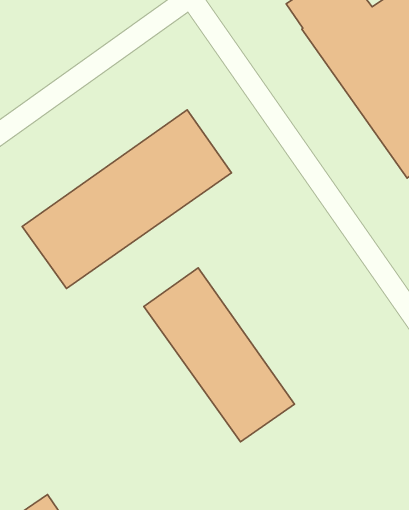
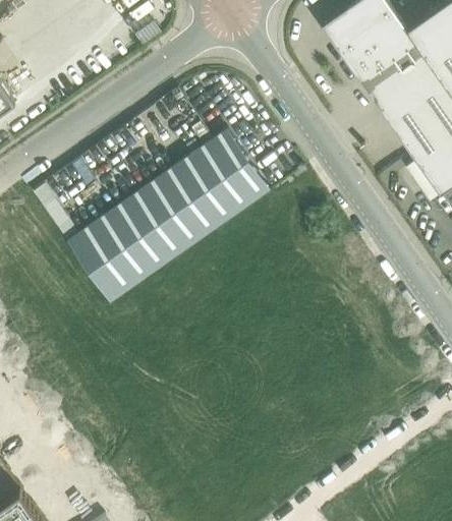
building: [144,268,294,442] -> none

